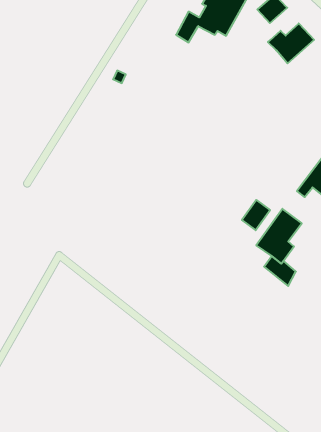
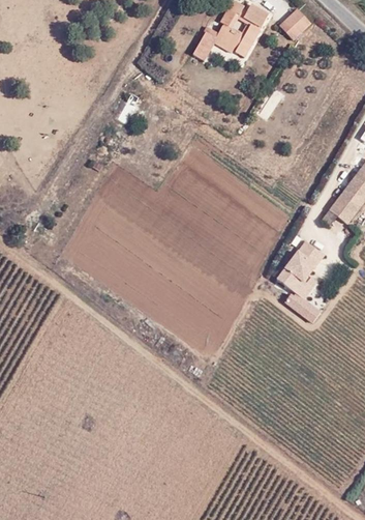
building: [268,23,314,63] -> none
building: [242,200,270,230] -> none

